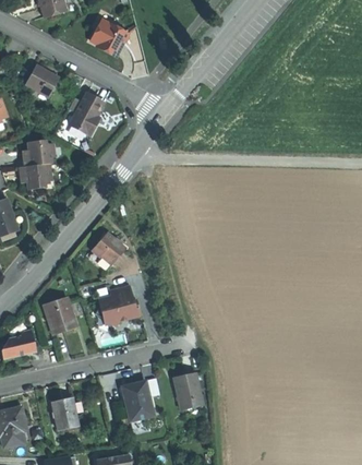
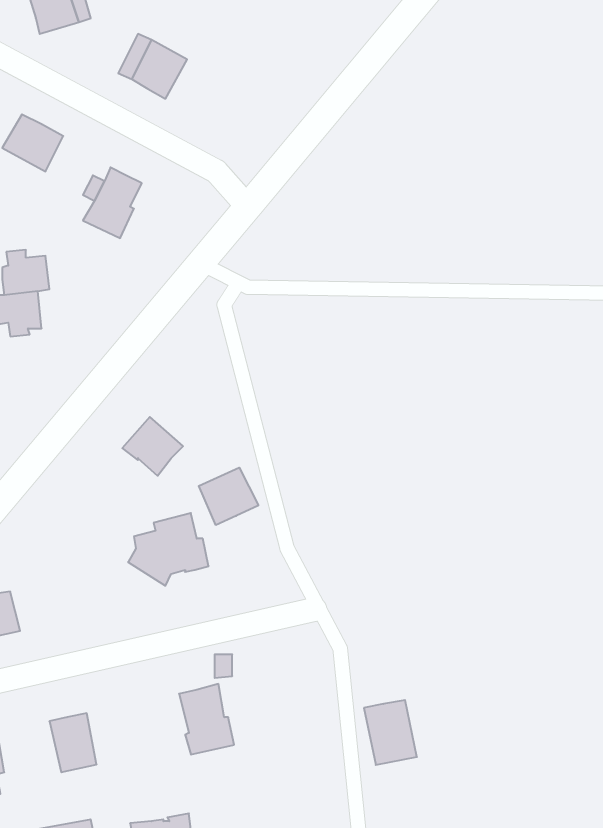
building: none -> [199,468,258,525]
building: [41,296,76,335] -> none
building: [172,373,202,409] -> [364,700,417,765]

